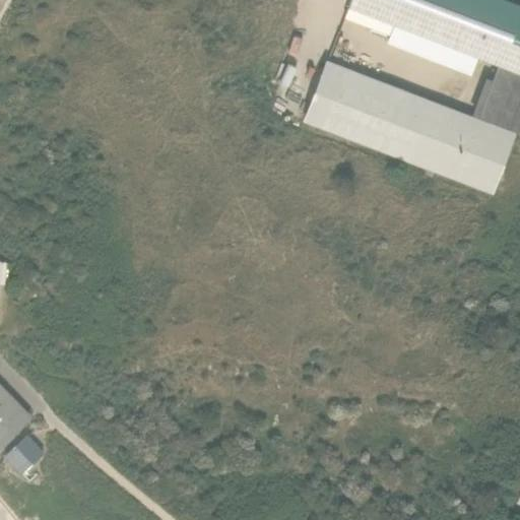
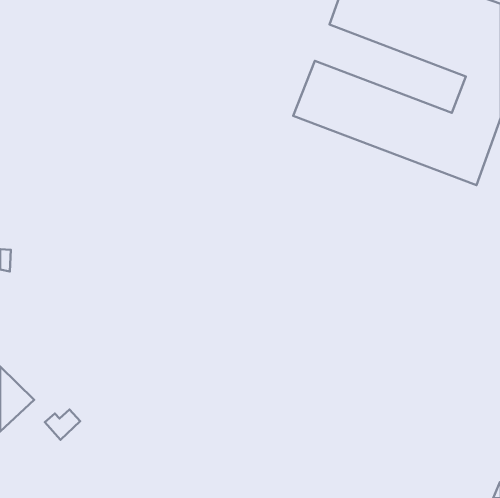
building: [11,436,48,467] -> [45,410,80,440]

